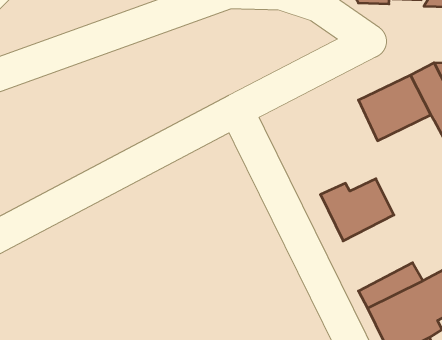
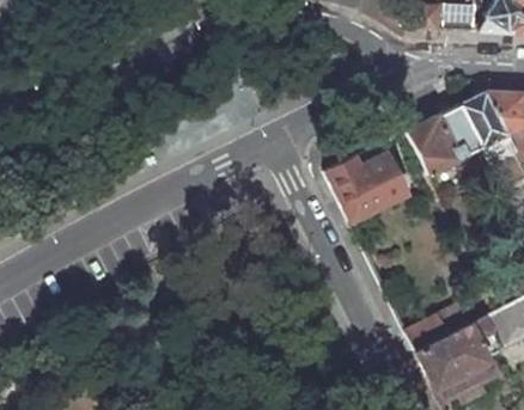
building: [320,179,394,241] -> [328,153,406,219]

